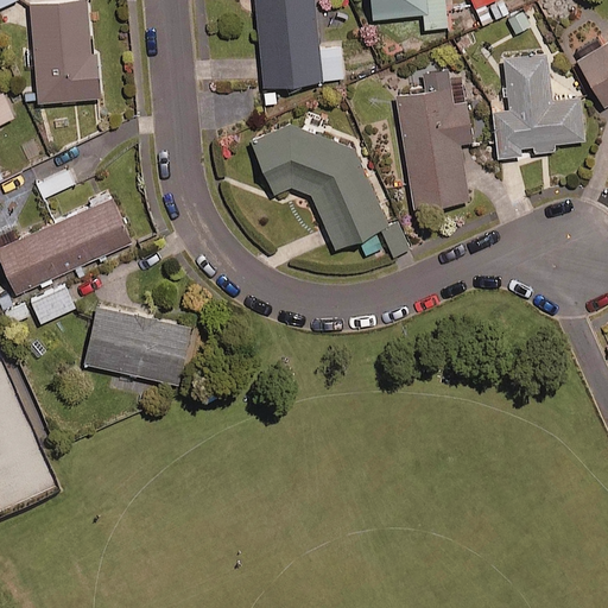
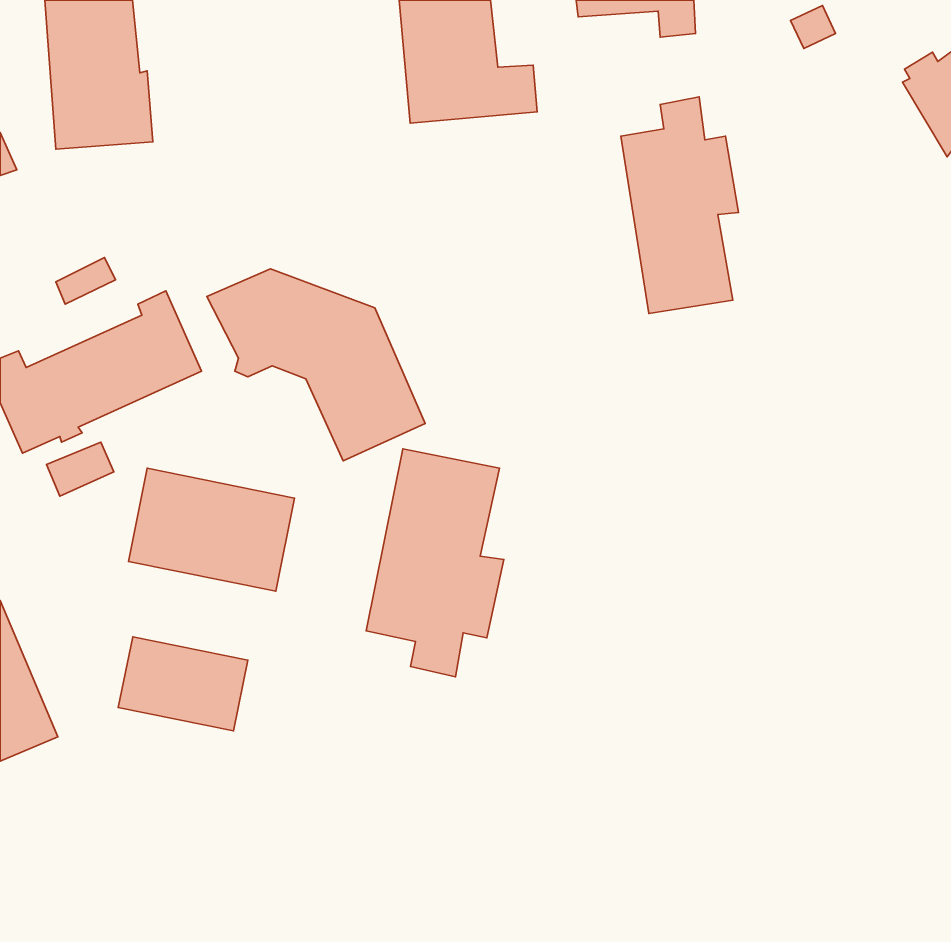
building: [492,55,583,157] -> none
building: [248,124,387,246] -> [207,269,425,461]
building: none -> [366,449,504,677]
building: none -> [118,637,248,731]

